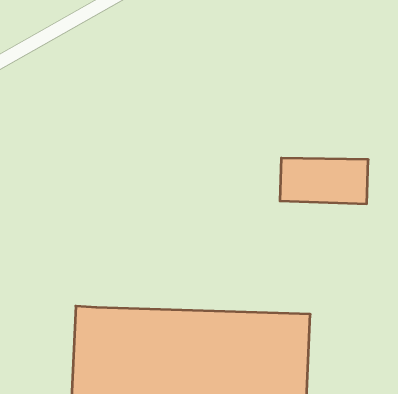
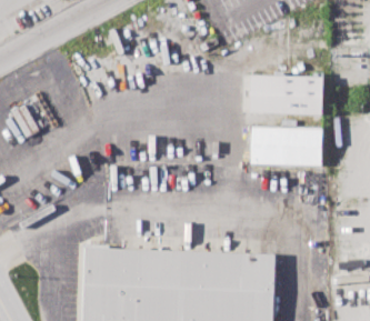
building: none -> [248,77,322,117]

